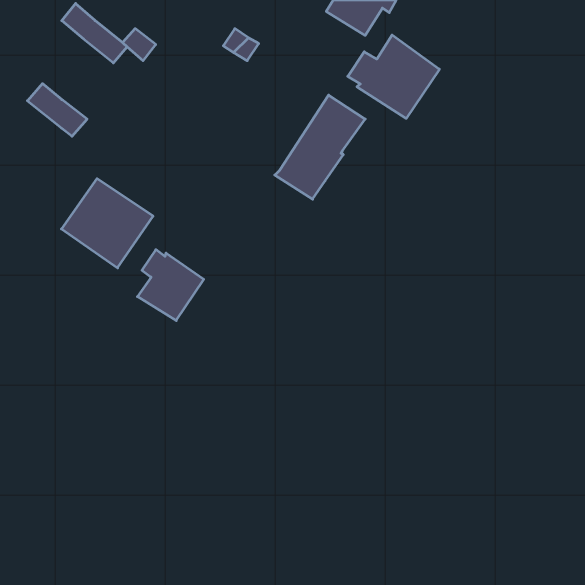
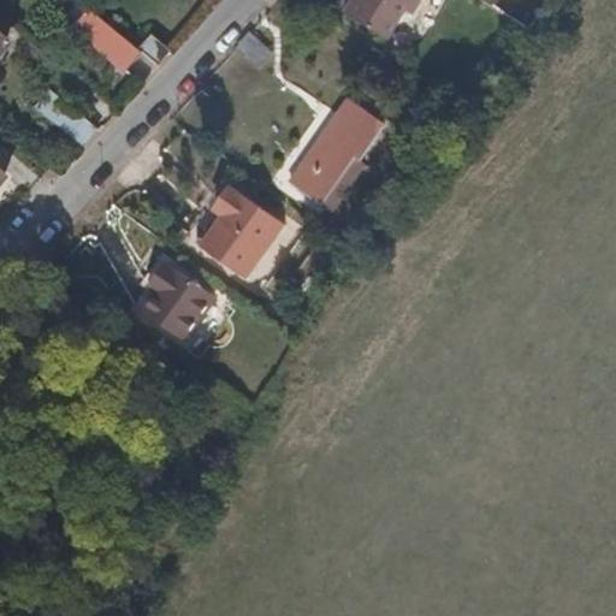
building: [348,35,439,118] -> none
building: [61,179,153,268] -> [185,180,282,274]

